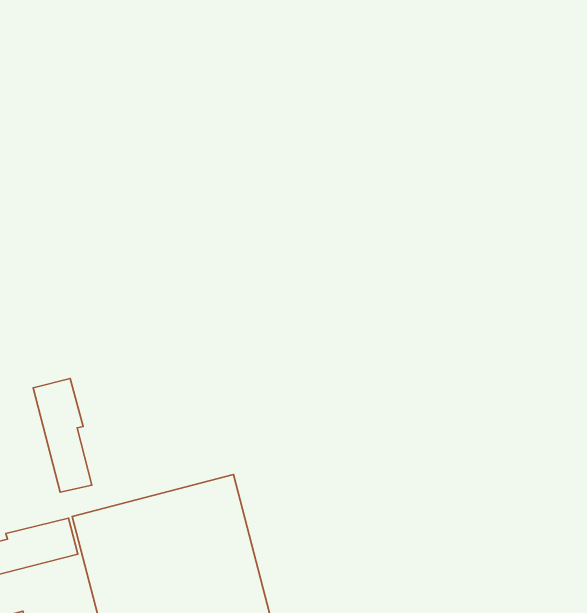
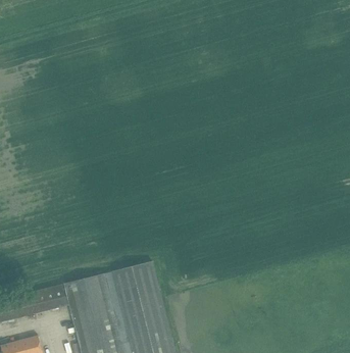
building: [33,378,92,492] -> none

